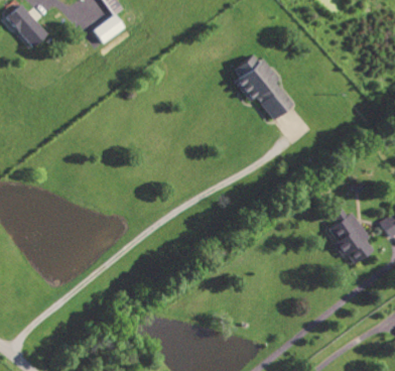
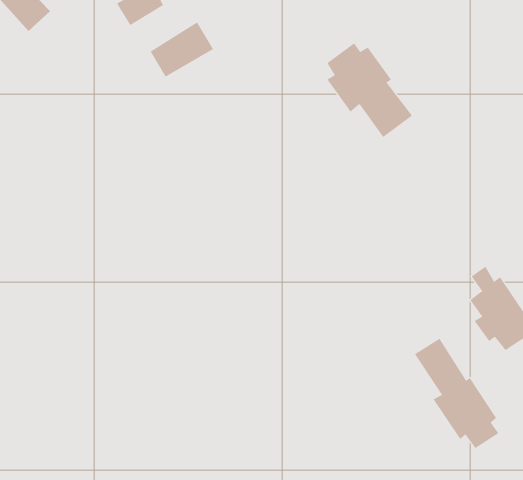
building: none -> [150,21,214,77]
building: none -> [414,338,499,449]

